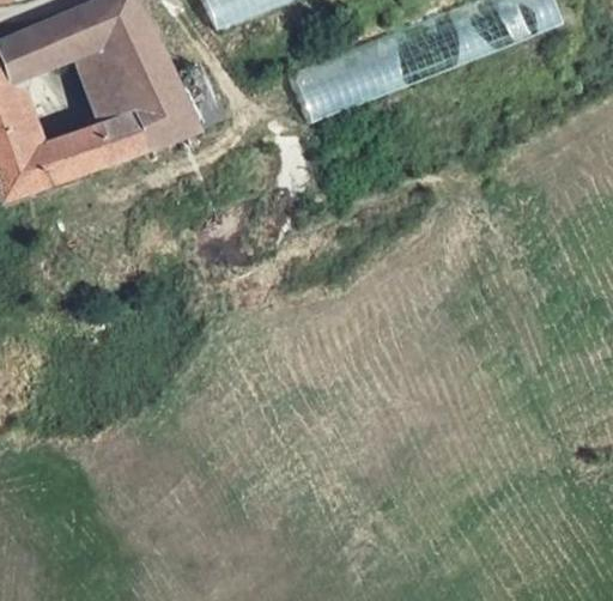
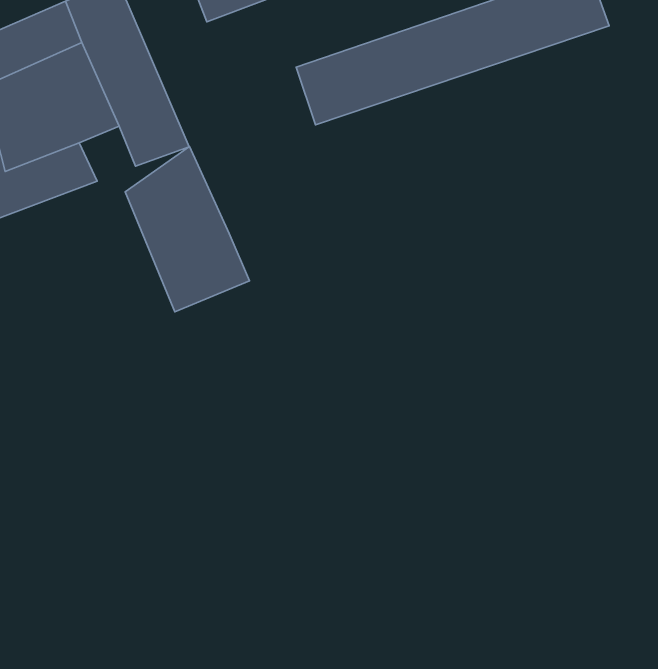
building: [98,115,147,163] -> none
building: none -> [125,147,250,312]

